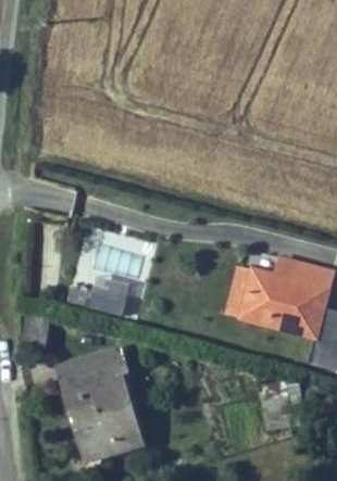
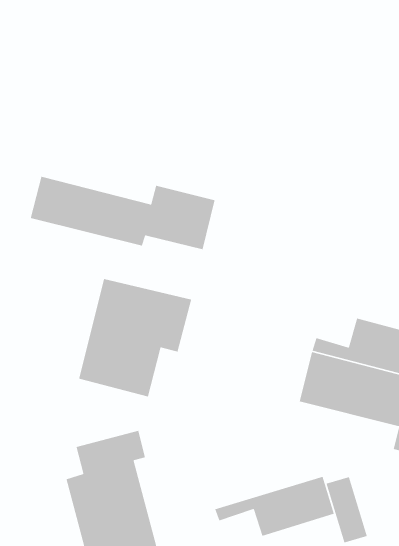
building: none -> [30,176,216,250]
building: none -> [214,476,335,537]

